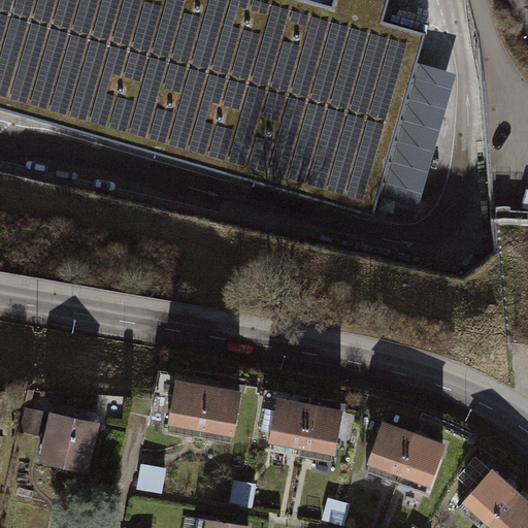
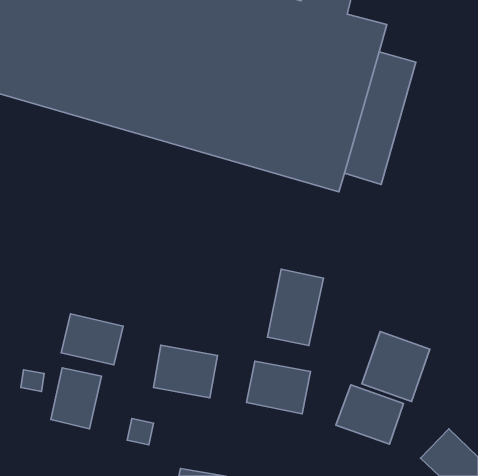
building: none -> [267,269,324,345]
building: none -> [61,314,123,365]
building: none -> [362,332,430,401]

